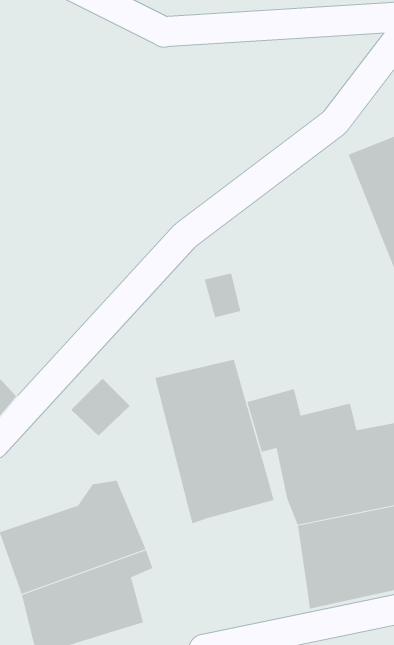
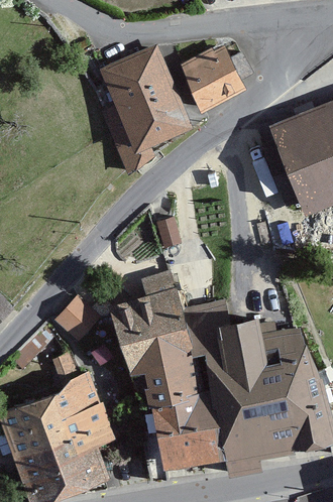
building: none -> [97,44,192,169]
building: none -> [177,45,244,114]
building: none -> [158,388,234,470]

